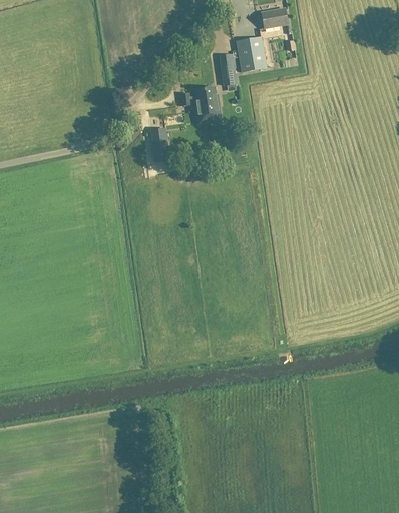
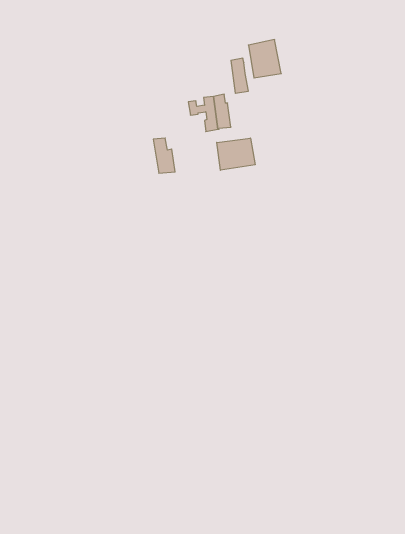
building: [259,8,286,29] -> none
building: none -> [217,138,255,170]

